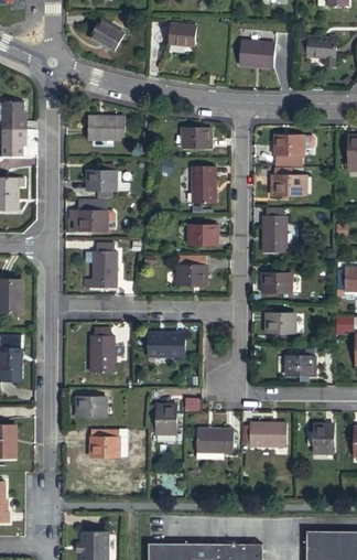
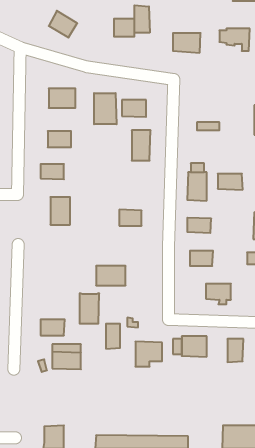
building: none -> [134,5,150,33]
building: none -> [94,93,117,124]
building: [271,134,301,155] -> none
building: [270,176,301,196] -> [218,174,243,190]
building: [187,223,216,243] -> none
building: [91,335,116,373] -> [80,293,99,324]

